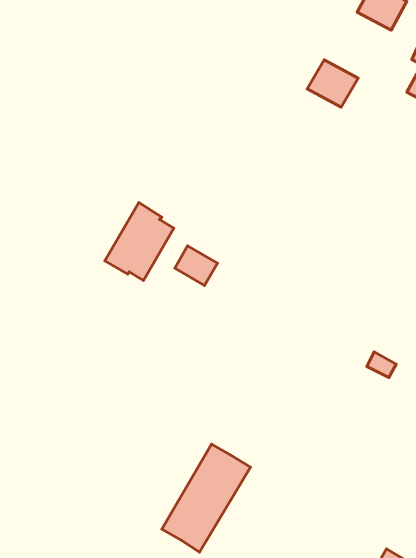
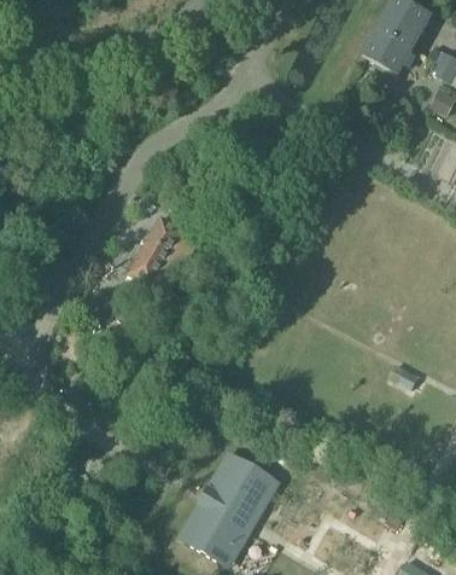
building: [307,60,358,107] -> [361,25,411,72]
building: [175,246,217,286] -> none

